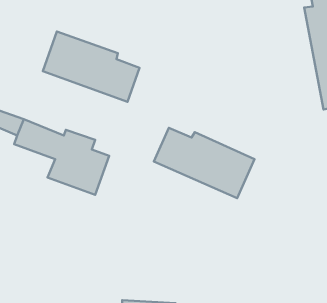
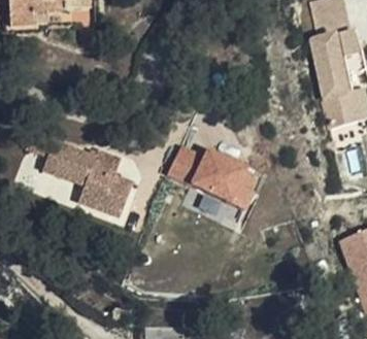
building: [43,32,140,102] -> none

